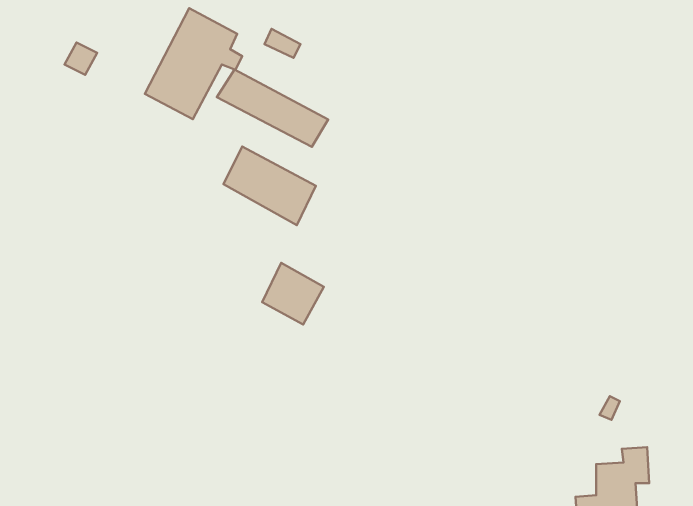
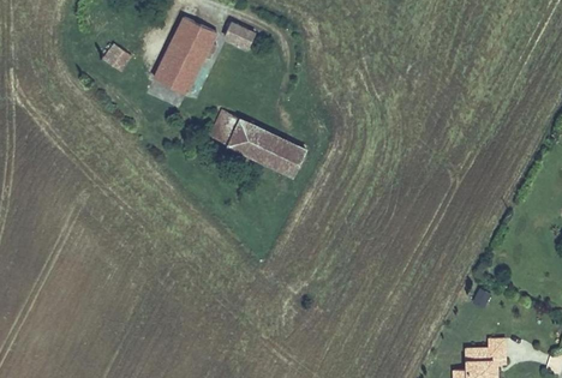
building: [217,69,328,147] -> none
building: [262,263,324,324] -> [261,139,304,182]

